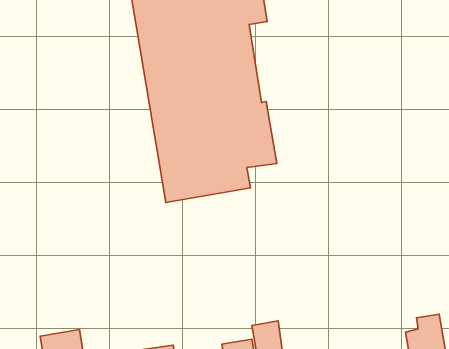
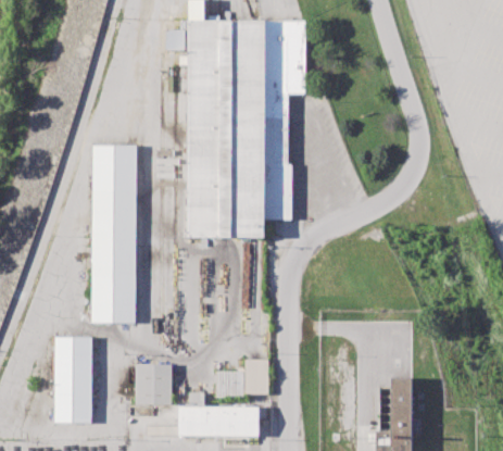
building: none -> [91,146,136,323]

